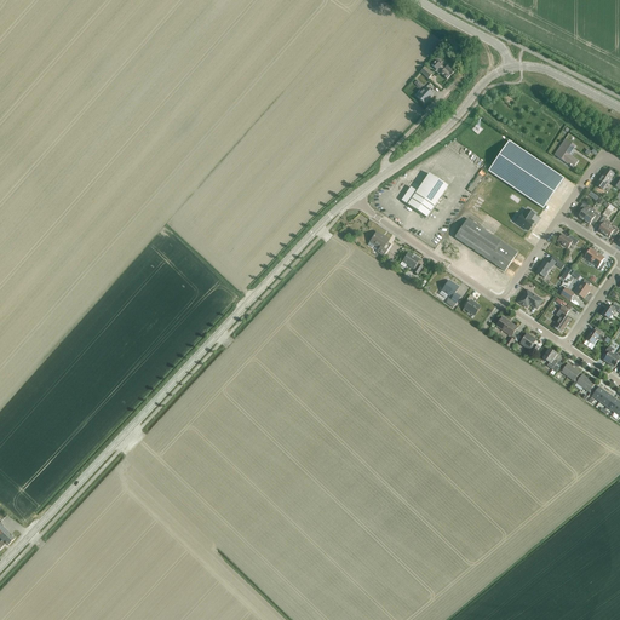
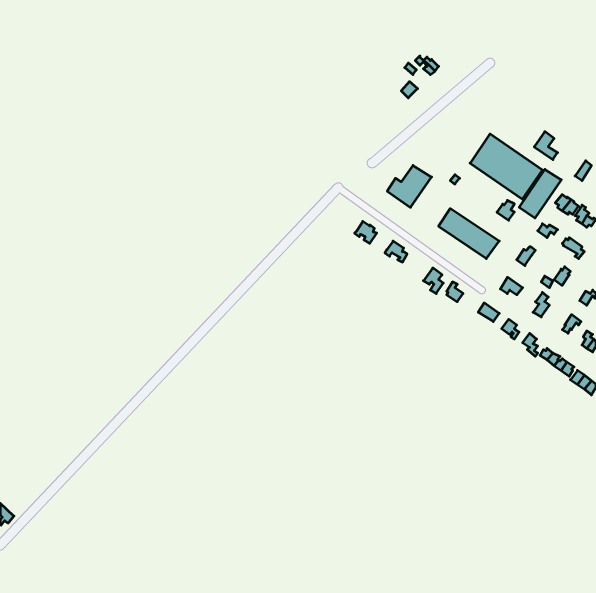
building: none -> [519,169,561,218]

